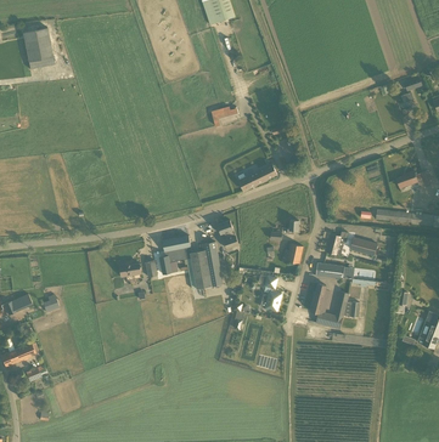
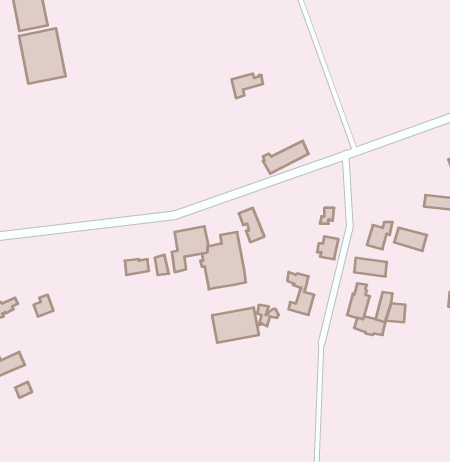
building: none -> [19,28,66,84]
building: none -> [212,307,259,343]

